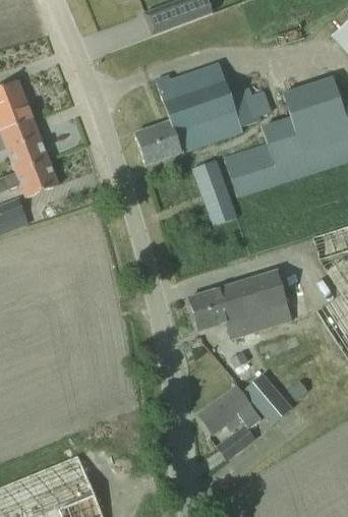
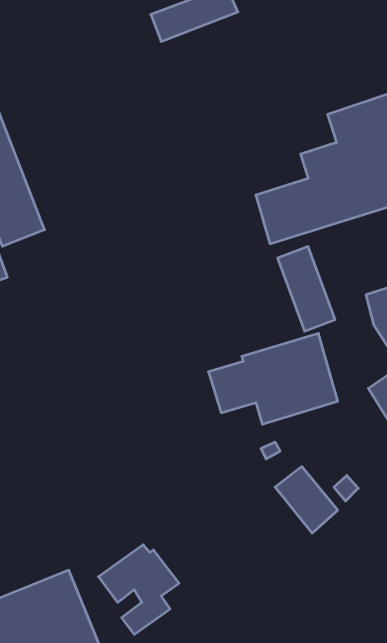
building: [134,65,270,166] -> none
building: [191,160,237,227] -> [278,247,335,331]
building: [197,389,262,460] -> [98,545,179,634]

